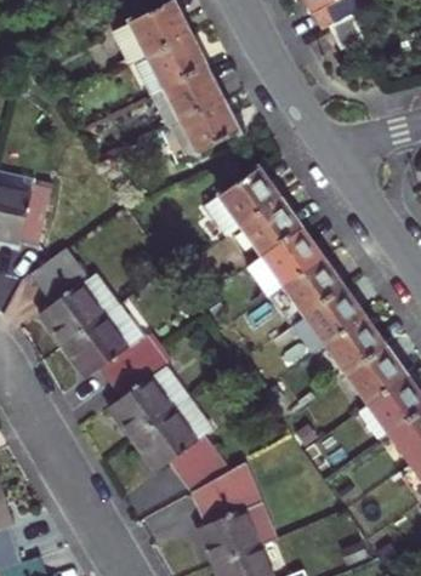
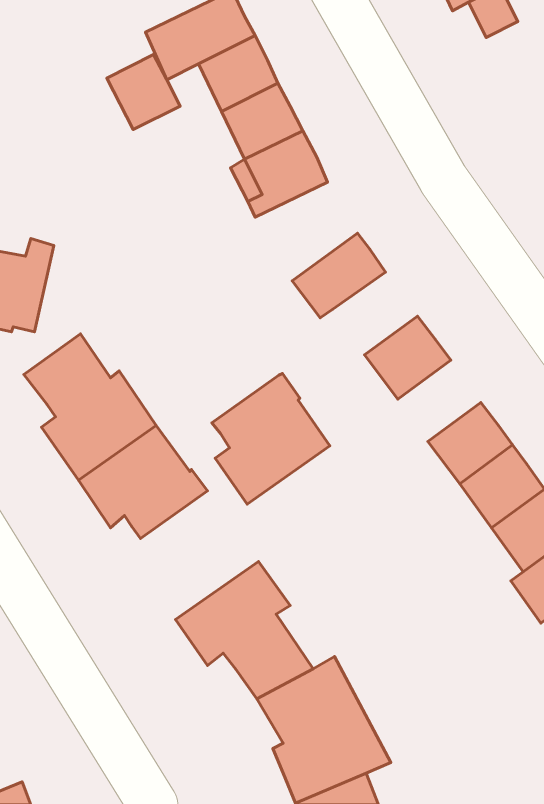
building: none -> [107,55,180,130]
building: [243,203,301,260] -> none
building: [288,263,345,319] -> none
building: [110,352,192,441] -> [212,374,330,504]

